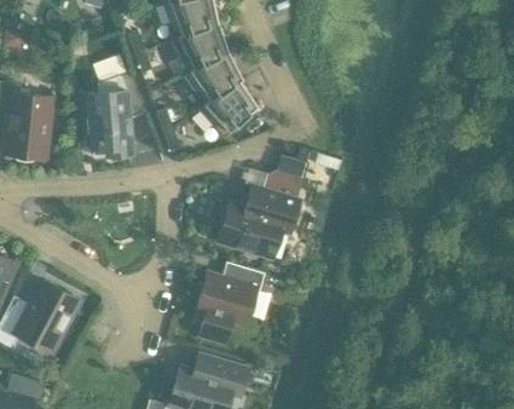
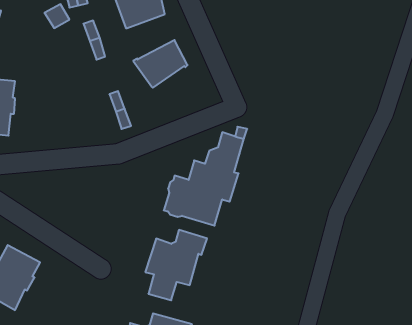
building: [172,23,230,74] -> none
building: [88,71,161,156] -> none
building: [198,81,259,138] -> none

